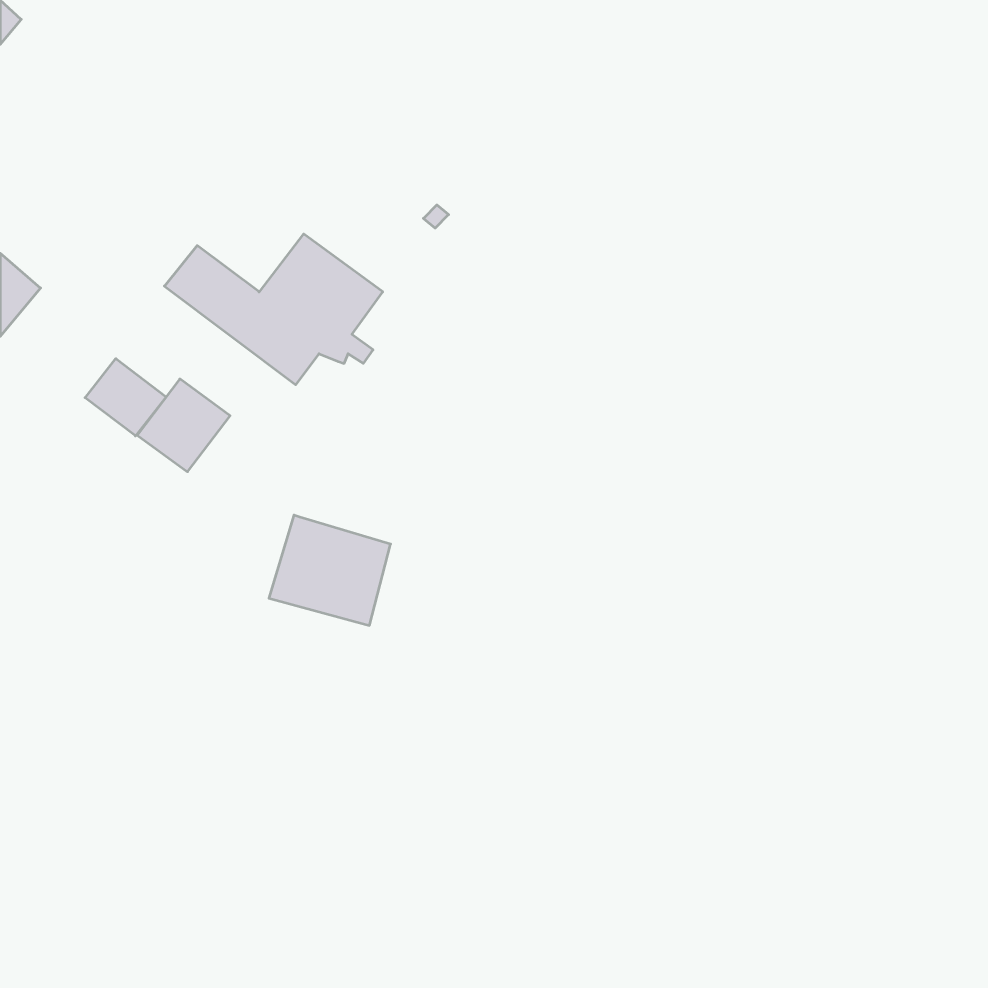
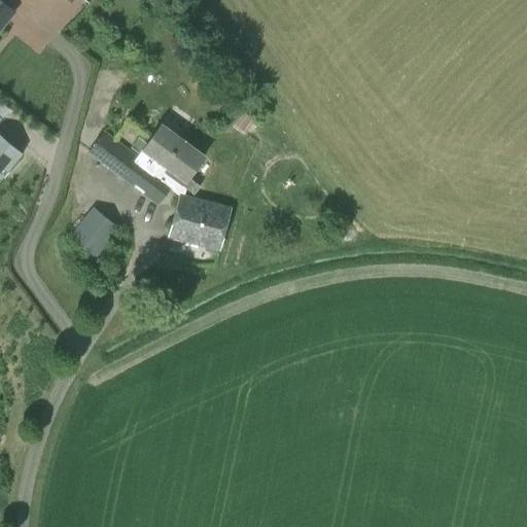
building: [85,359,166,436] -> none
building: [269,515,391,625] -> [167,192,232,251]

